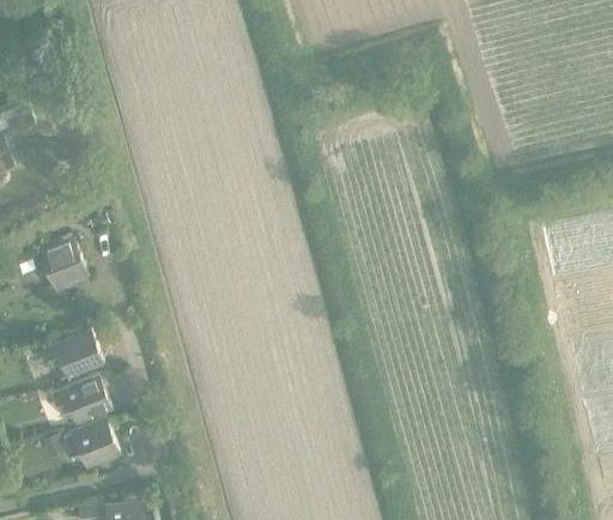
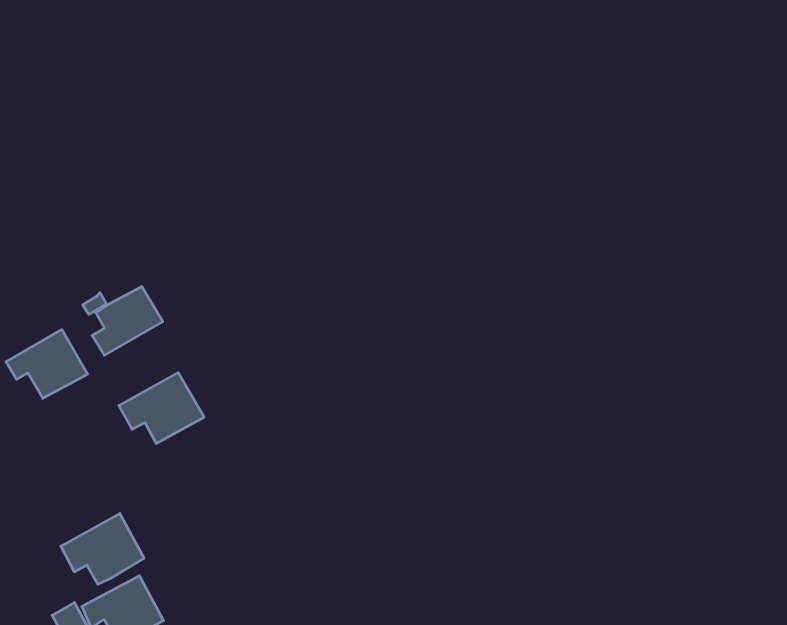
building: none -> [92,286,163,355]
building: [43,332,102,380] -> [119,373,204,443]

